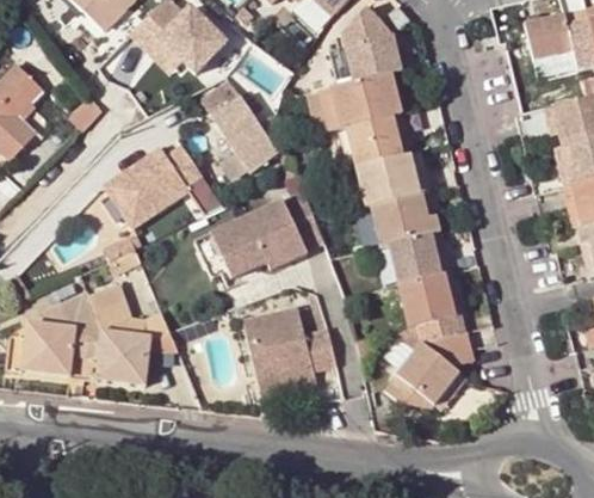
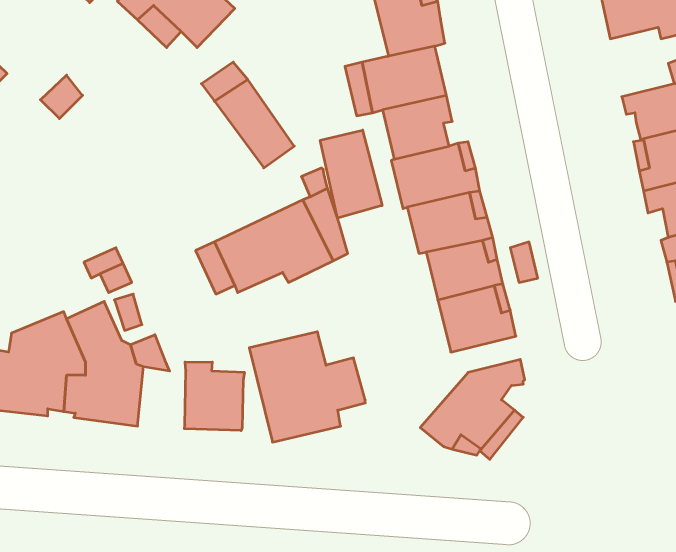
building: none -> [320,130,382,218]
building: [100,146,200,225] -> none
building: none -> [184,362,244,431]

